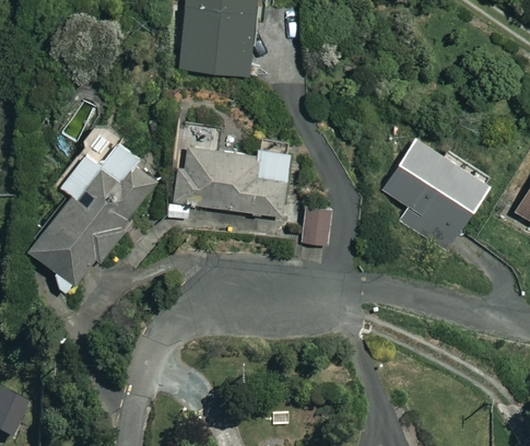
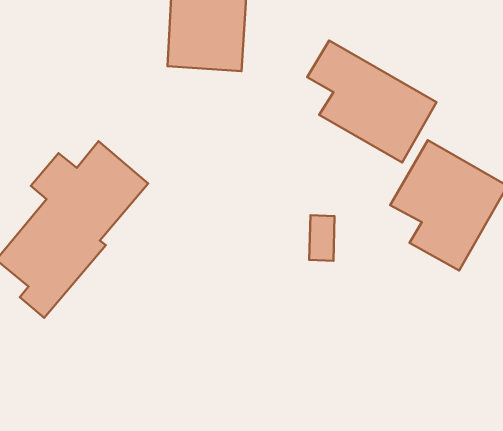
building: none -> [307,40,437,162]
building: [172,144,292,223] -> none

